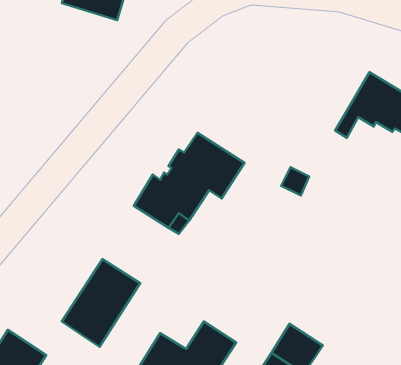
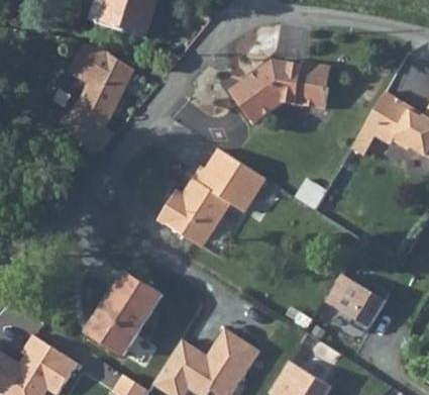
building: none -> [62,44,132,151]
building: none -> [230,59,329,122]
building: none -> [324,274,388,333]

